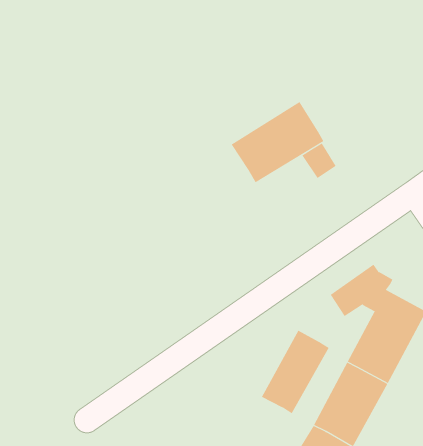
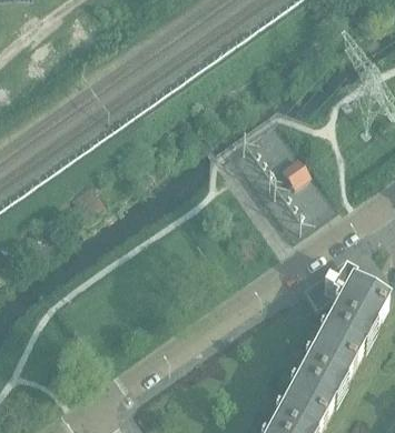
building: [231,101,324,183] -> none
building: [261,330,329,414] -> none

